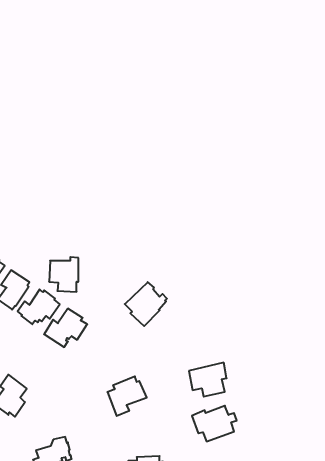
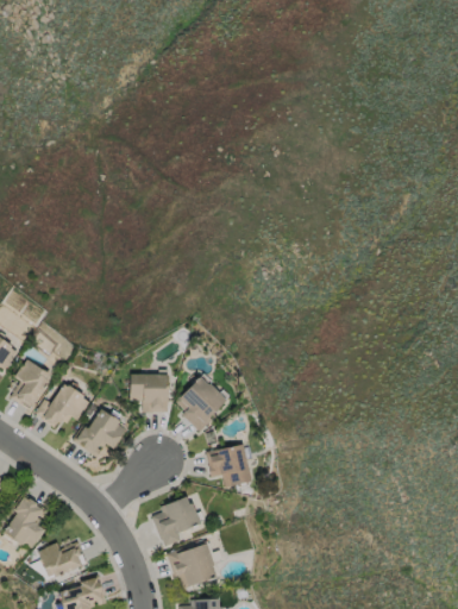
building: [49,257,78,292] -> [131,369,169,414]
building: [189,363,227,397] -> [206,442,255,486]
building: [192,406,237,441] -> [165,542,224,589]
building: none -> [37,544,86,578]

